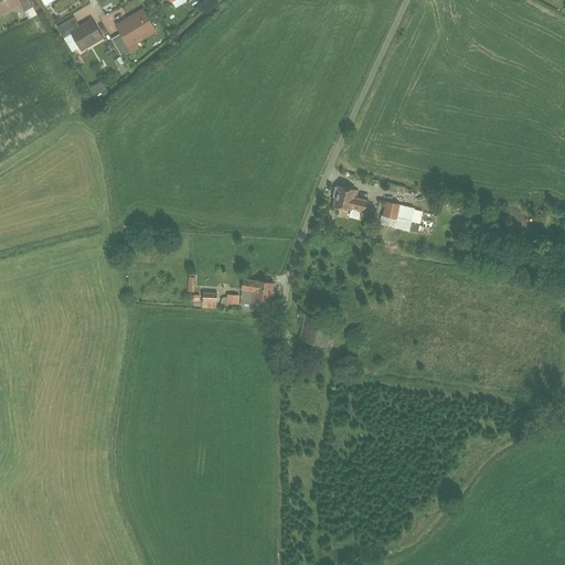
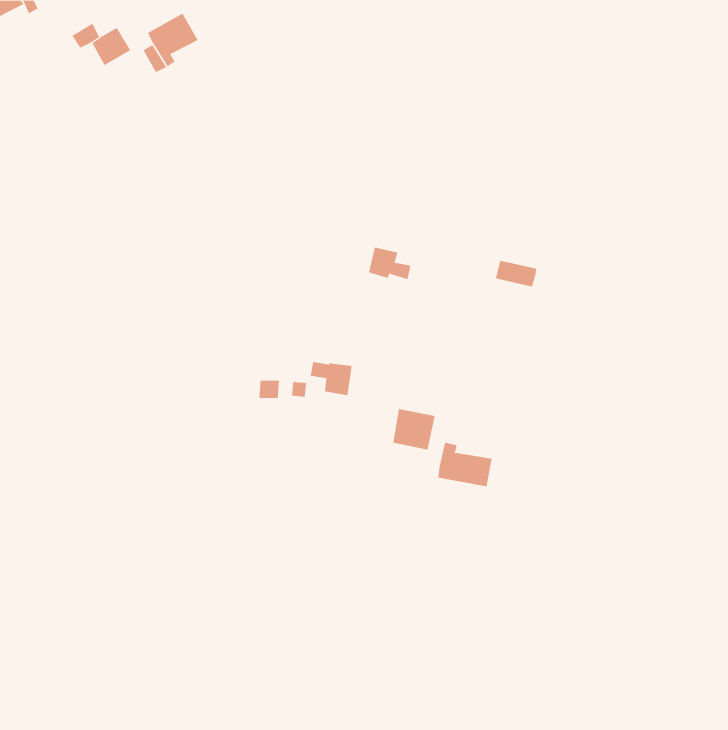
building: [333,185,366,211] -> [368,247,411,280]
building: none -> [438,442,492,487]

